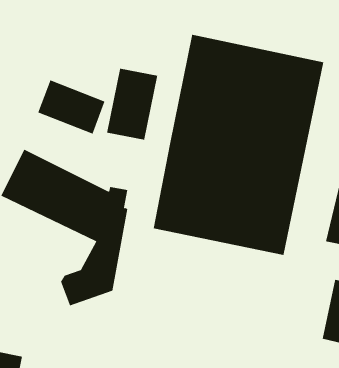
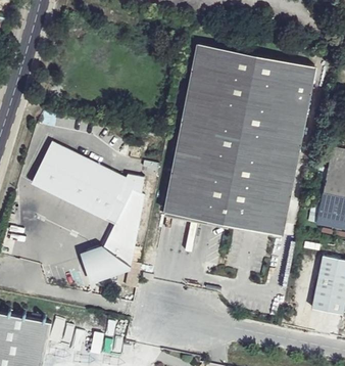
building: [106,68,158,140] -> none
building: [38,79,105,134] -> none

